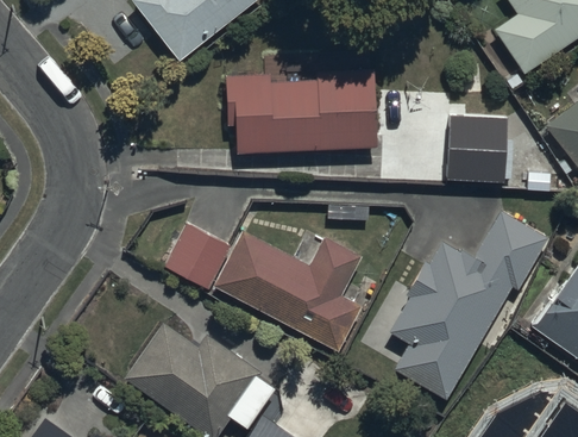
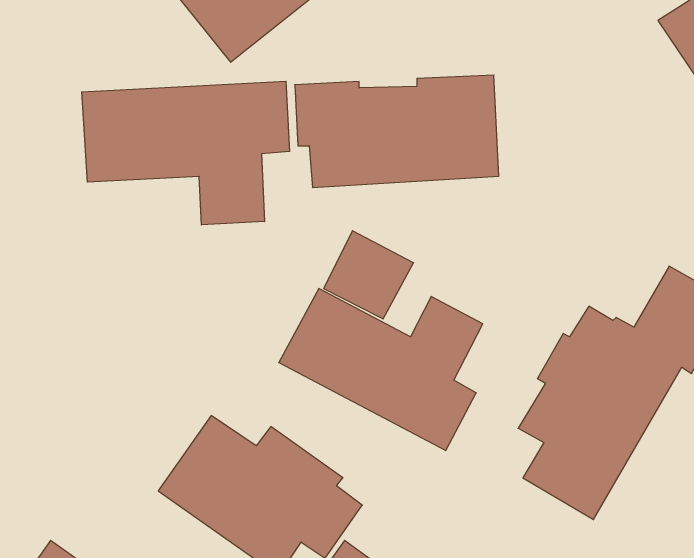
building: none -> [82,81,290,225]
building: [446,111,507,177] -> none
building: [165,223,232,288] -> [324,231,414,319]

